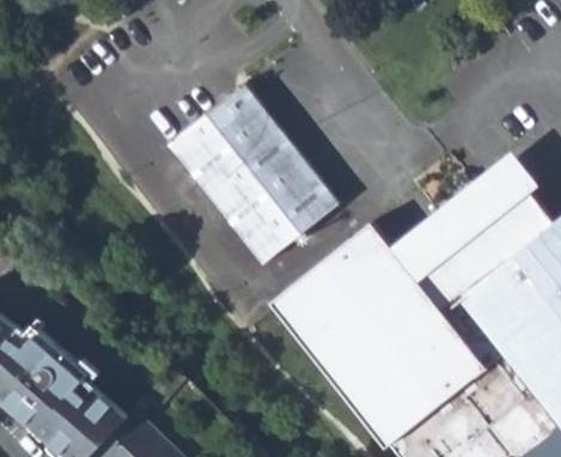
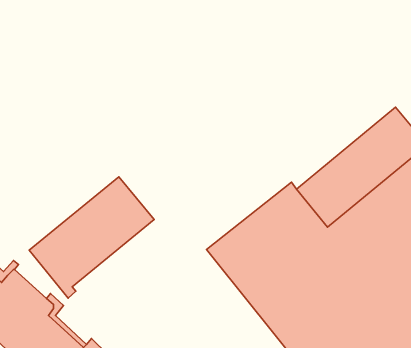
building: [166,89,339,267] -> none
building: none -> [29,177,154,298]

